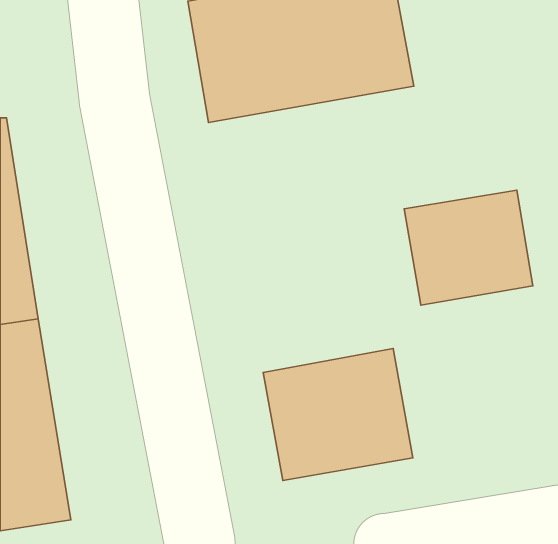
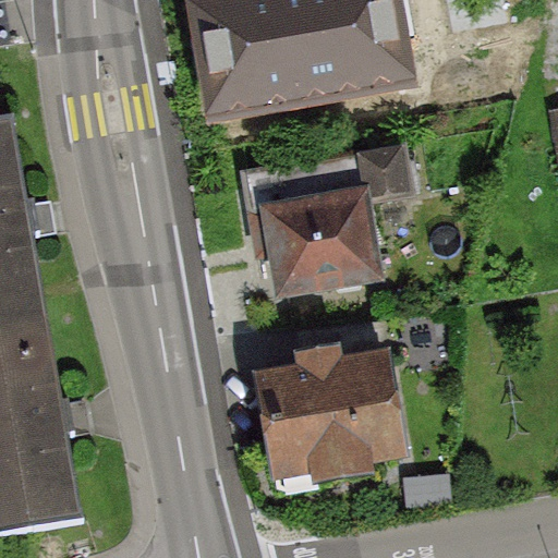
building: none -> [250,154,390,292]
building: [404,190,533,305] -> none

